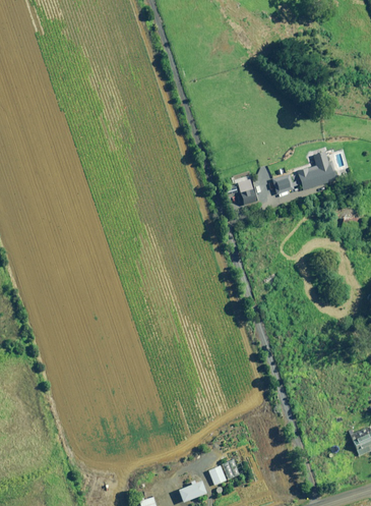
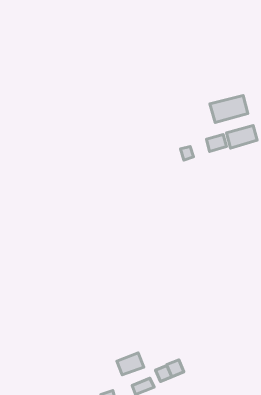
building: none -> [210,96,248,122]
building: none -> [117,353,144,375]

